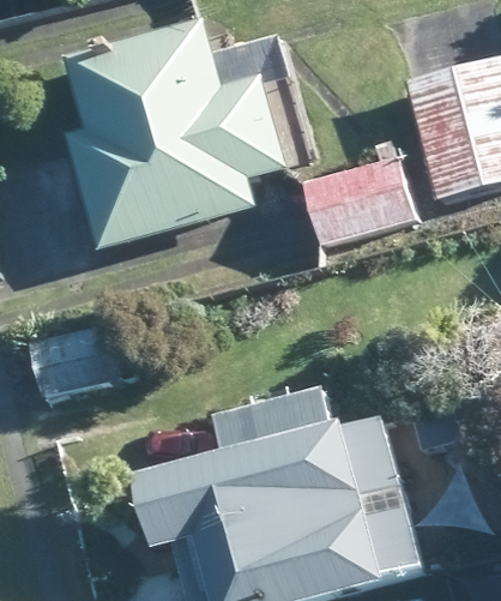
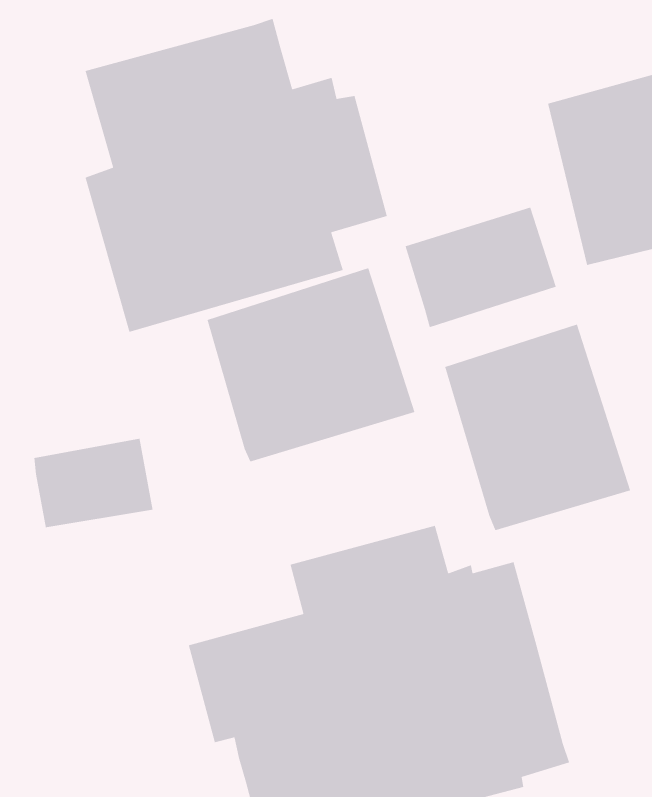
building: none -> [206,267,415,463]
building: none -> [444,323,631,531]

